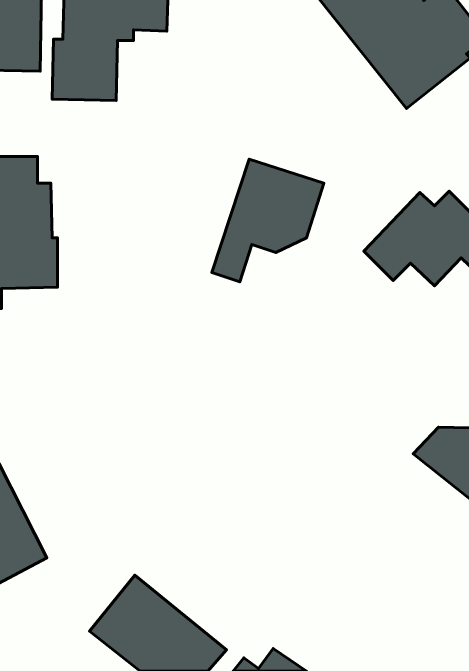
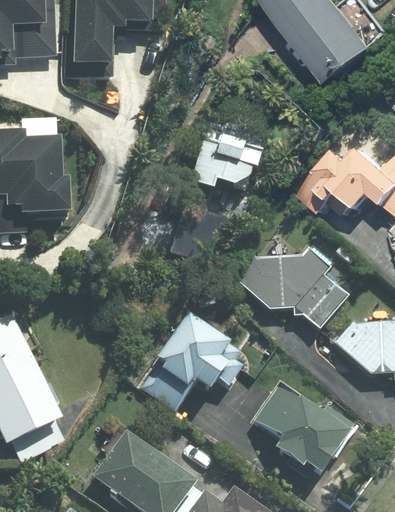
building: none -> [236,246,349,329]
building: none -> [141,315,232,410]
building: none -> [251,384,356,476]

